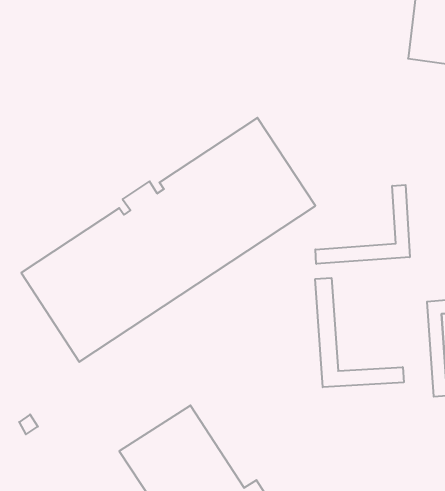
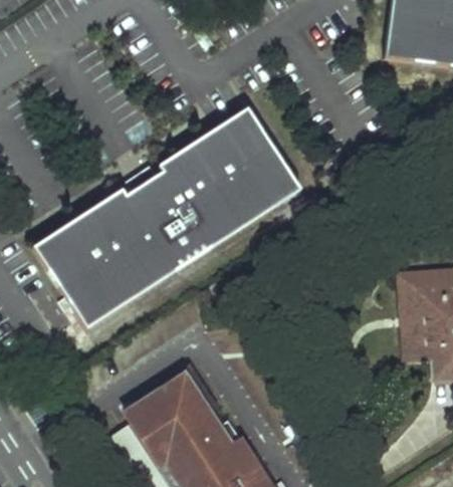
building: [315,185,410,264] -> none
building: [315,278,404,387] -> none

